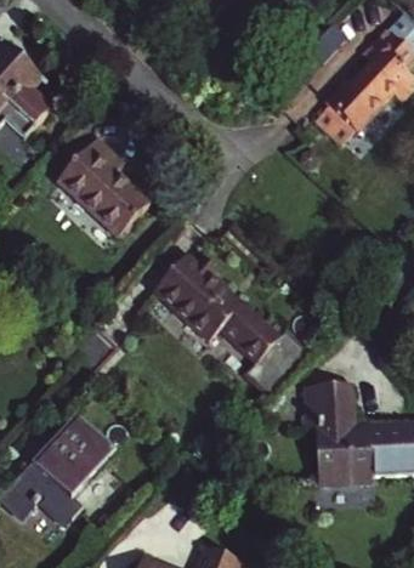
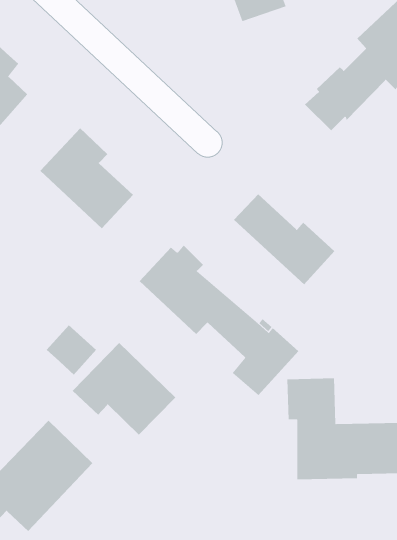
building: none -> [233,193,335,285]
building: none -> [72,342,176,436]

